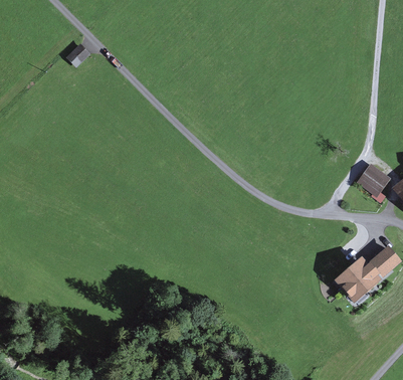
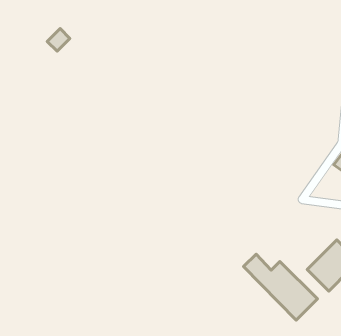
building: none -> [244,254,317,320]

